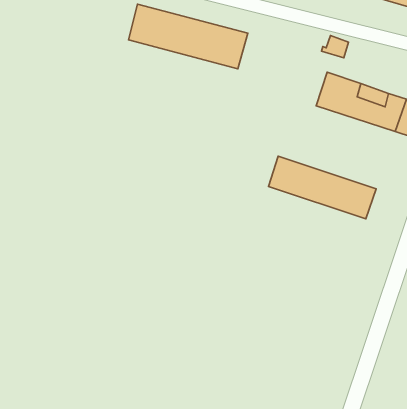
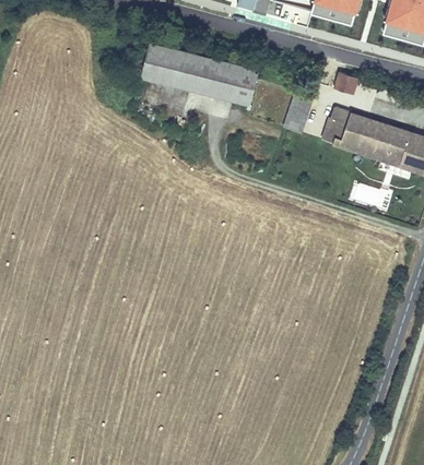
building: none -> [283,94,310,131]
building: [269,156,376,219] -> none

